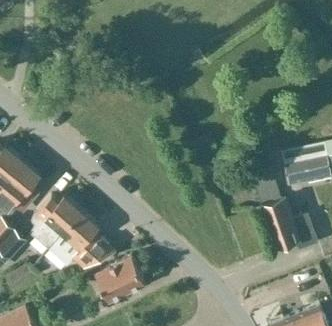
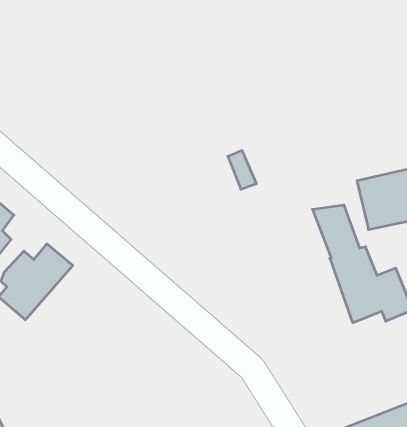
building: [47,211,113,268] -> none
building: [93,257,143,302] -> none

